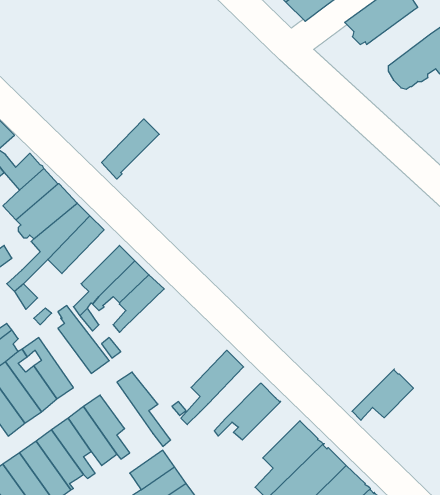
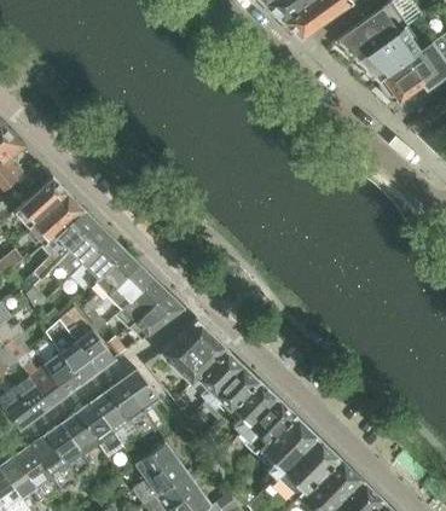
building: none -> [358,28,418,81]
building: [102,119,159,179] -> [70,236,124,292]
building: none -> [129,291,184,339]
building: none -> [144,320,226,384]
building: none -> [45,321,98,384]
building: none -> [208,365,257,413]
building: [352,369,413,420] -> [237,397,295,446]
building: none -> [106,379,156,439]

